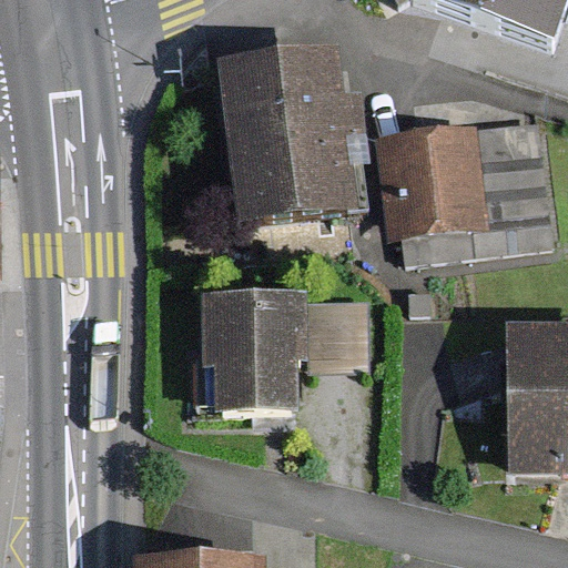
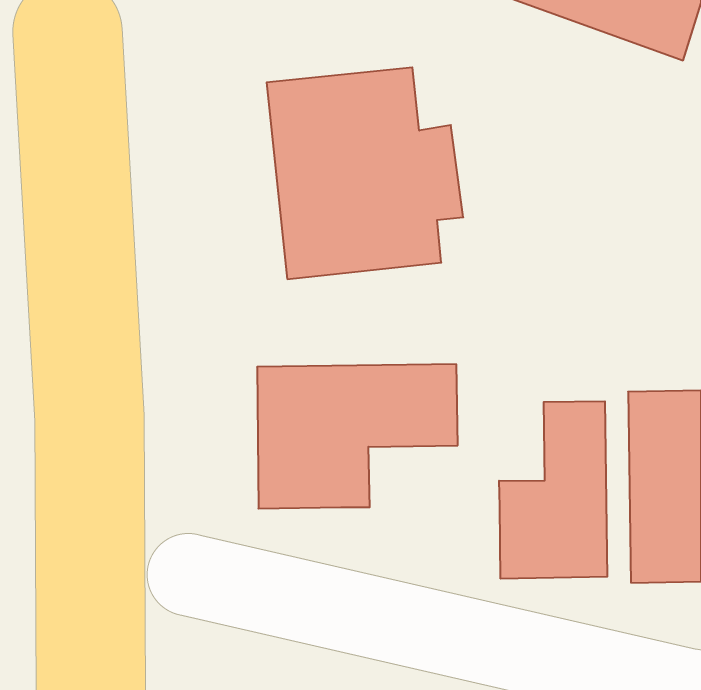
building: [382,125,552,261] -> none
building: none -> [499,401,607,579]

